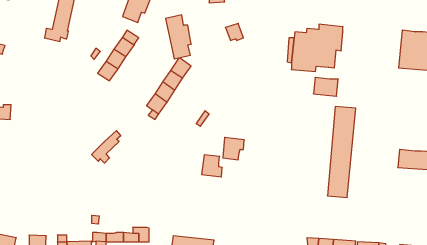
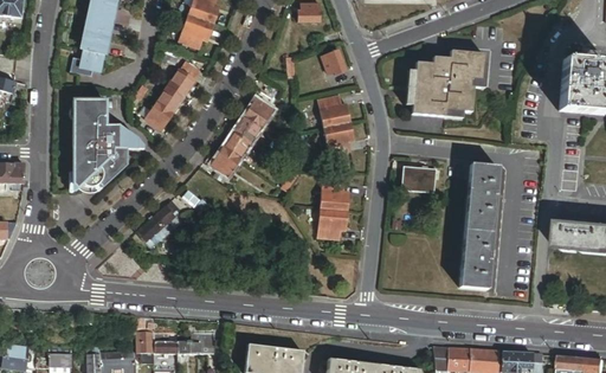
building: [166,15,191,59] -> [317,95,353,155]
building: none -> [72,98,135,191]
building: [313,77,338,96] -> [404,167,438,193]
building: [202,155,222,177] -> [320,180,348,211]

